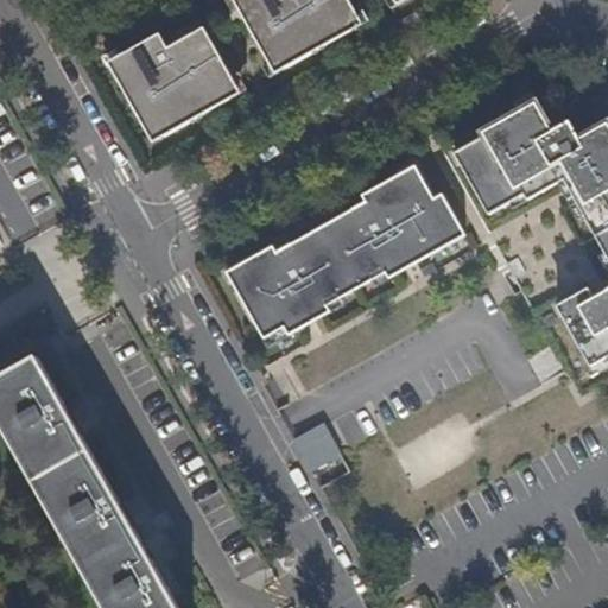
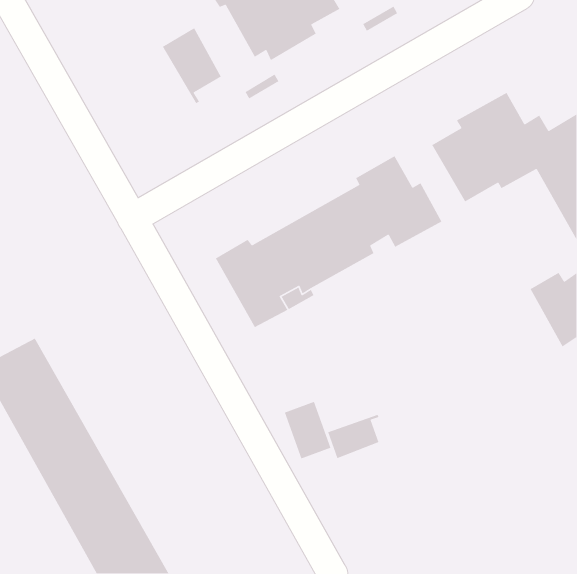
building: [100,31,205,135] -> none
building: none -> [327,414,380,459]

